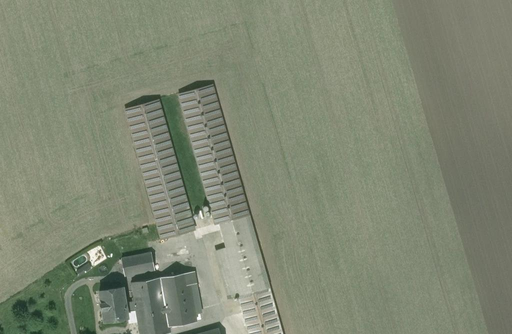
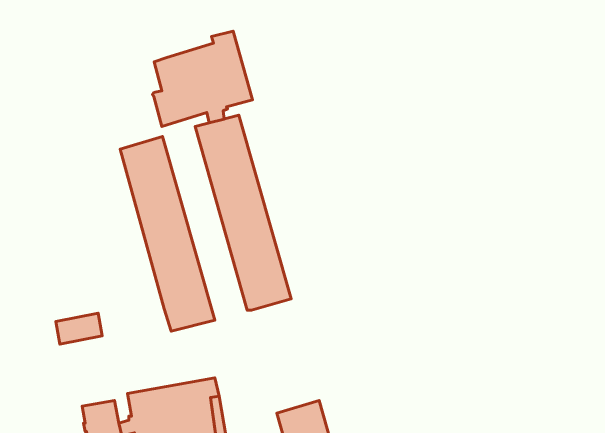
building: none -> [153,31,253,127]
building: [215,215,268,299] -> none
building: [122,253,155,275] -> [56,313,102,344]

